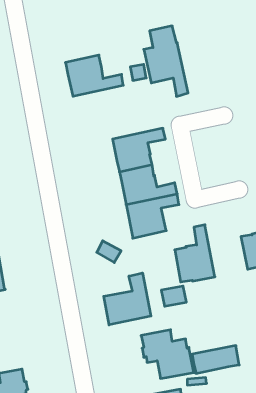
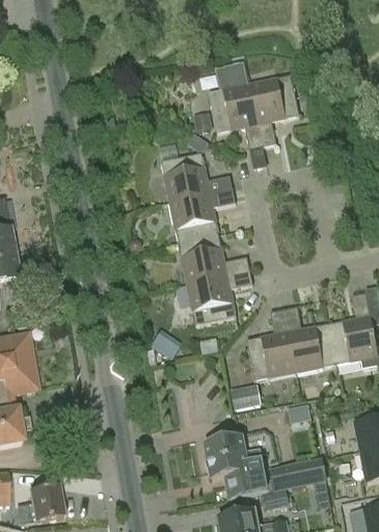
building: none -> [249,74,298,144]
building: [65,55,123,96] -> [160,151,232,202]
building: none -> [283,305,336,372]
building: [104,273,151,325] -> none

